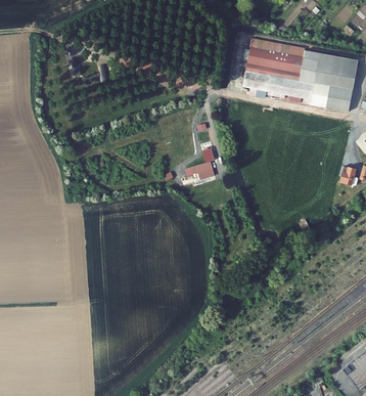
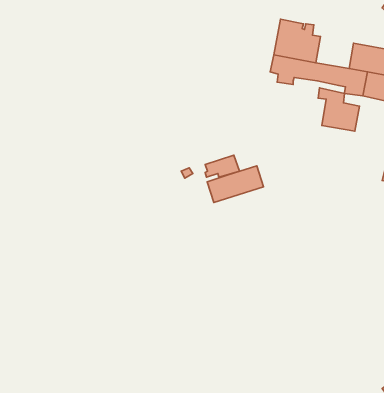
building: [281,43,318,82] -> [318,88,359,131]
building: none -> [207,166,264,203]

